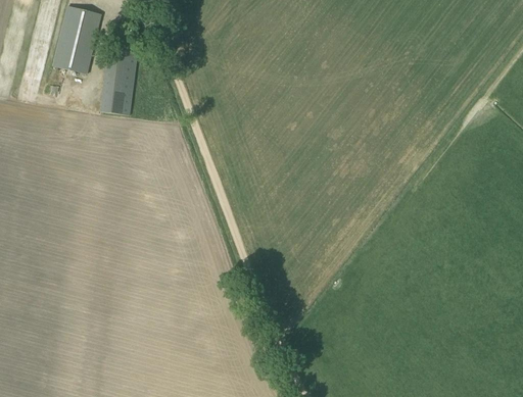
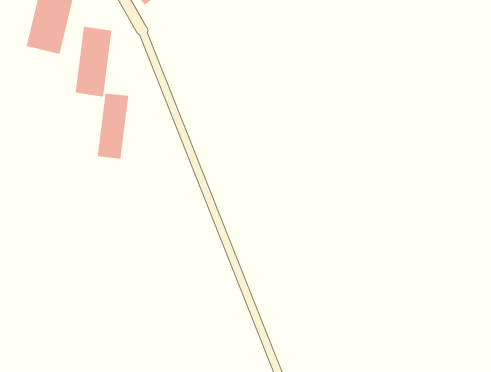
building: none -> [97,93,129,159]

